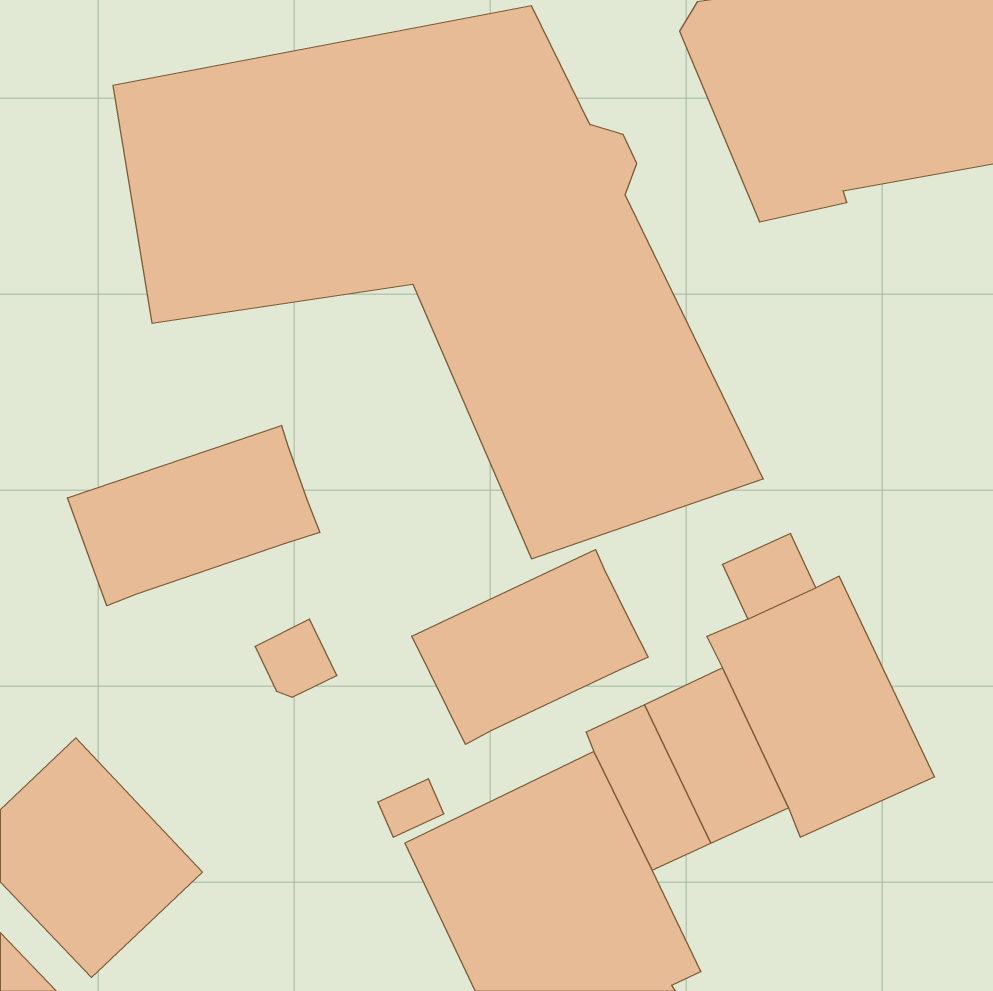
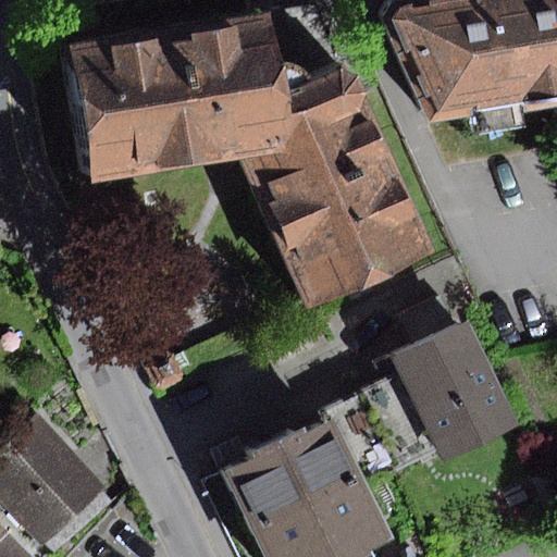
building: [67,425,320,606] -> none
building: [412,550,648,744] -> none

